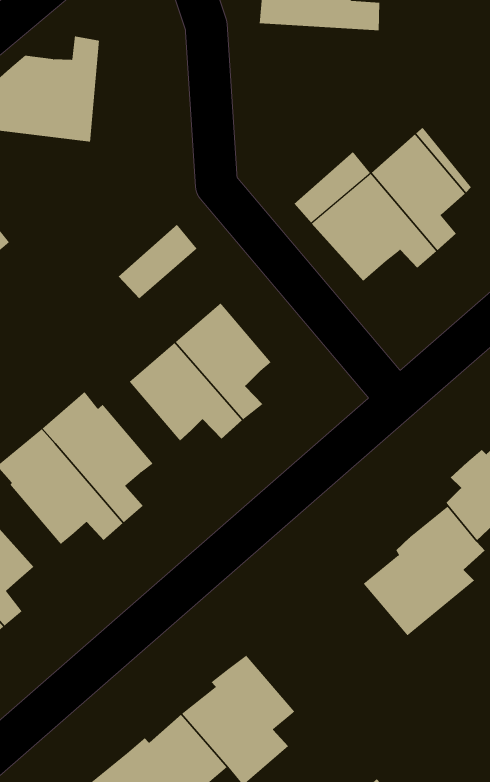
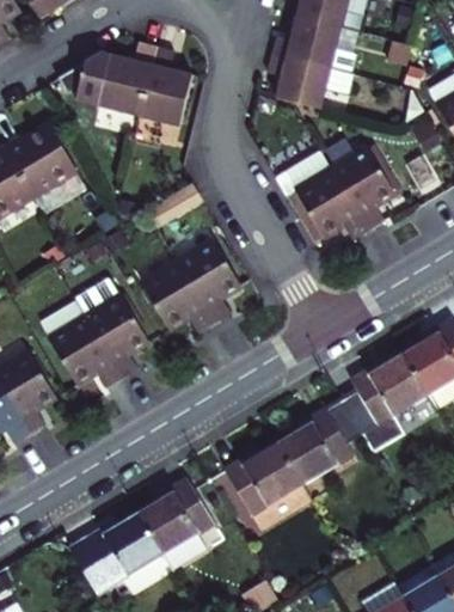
building: none -> [266,54,354,111]
building: none -> [143,47,197,127]
building: none -> [226,447,300,516]

